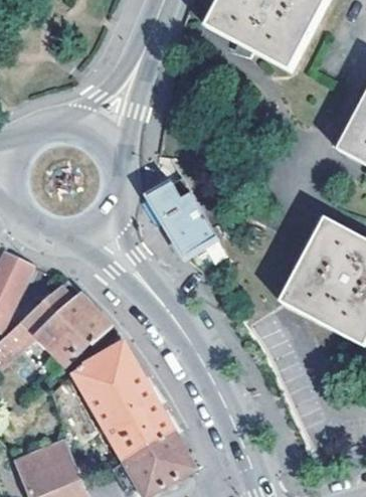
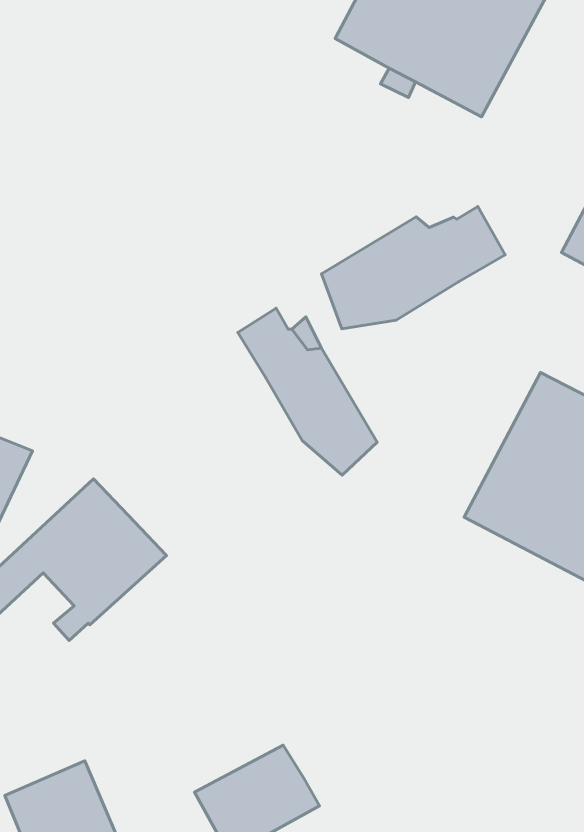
building: none -> [322,206,505,329]
building: [74,342,176,460] -> none

